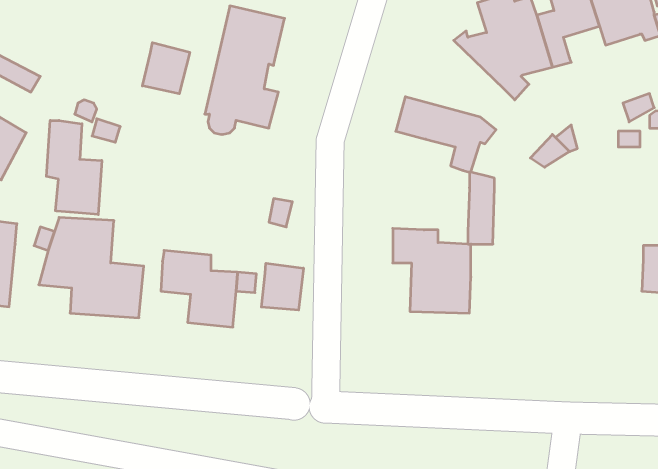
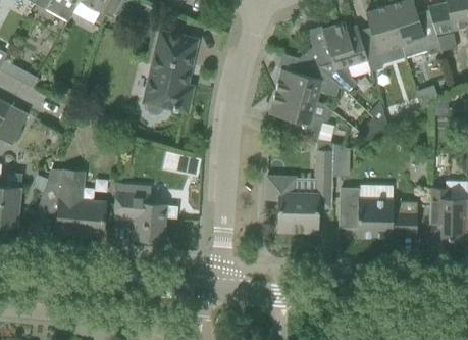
building: none -> [275,54,340,102]
building: [142,43,190,94] -> none
building: [46,120,102,215] -> none
building: none -> [341,189,418,238]
building: [261,263,303,310] -> none

